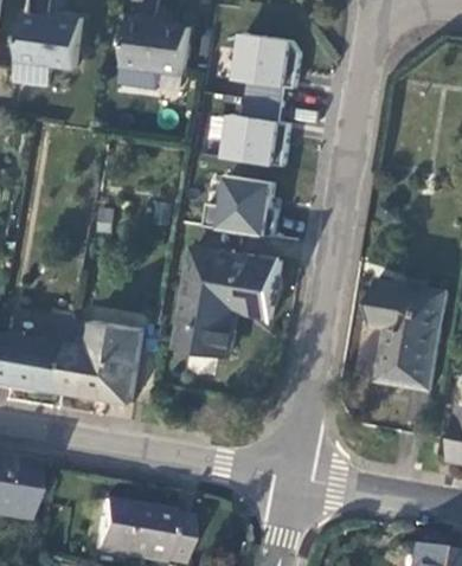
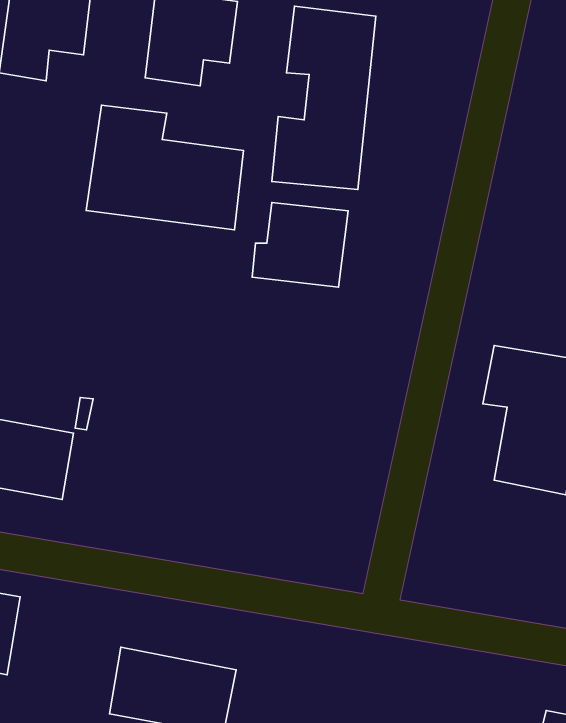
building: none -> [86,105,243,230]
building: [180,250,283,353] -> none
building: [63,321,145,404] -> none

